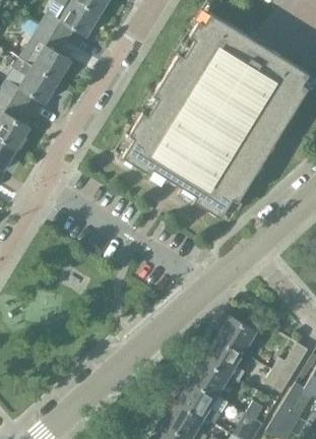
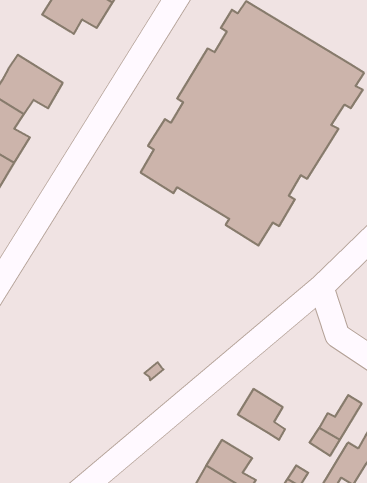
building: [19,25,70,82] -> none
building: [216,316,254,354] -> none
building: [190,360,229,396] -> none

